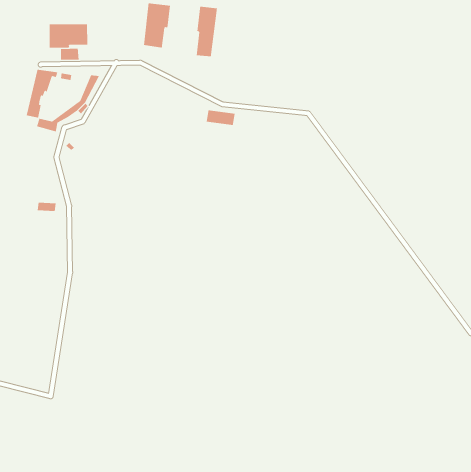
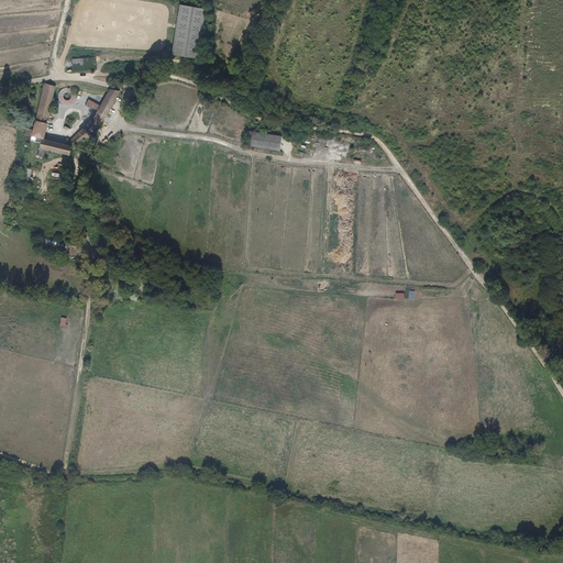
building: [196,6,218,57] -> none
building: [49,23,88,49] -> none

